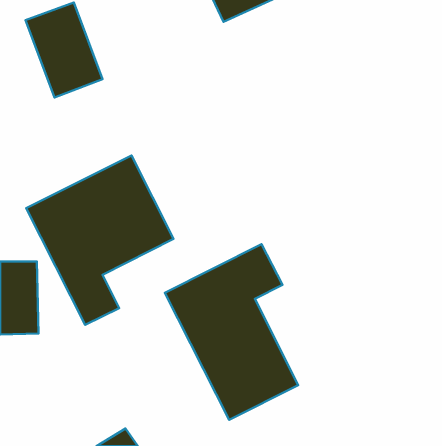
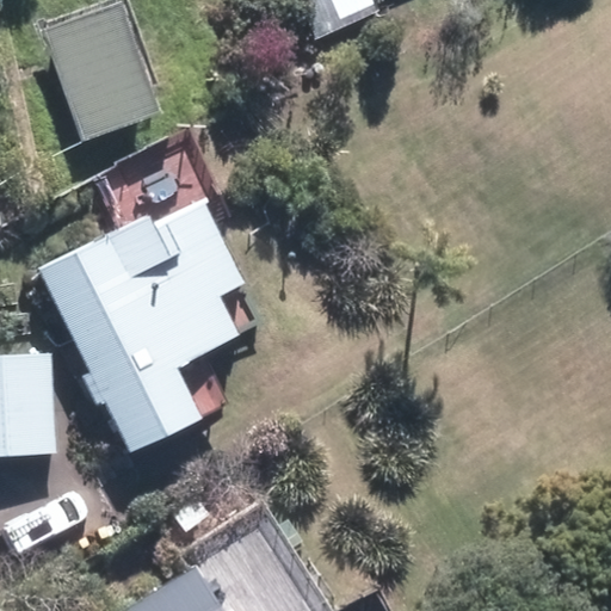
building: [165,244,298,420] -> none

